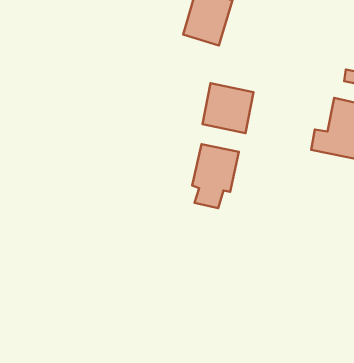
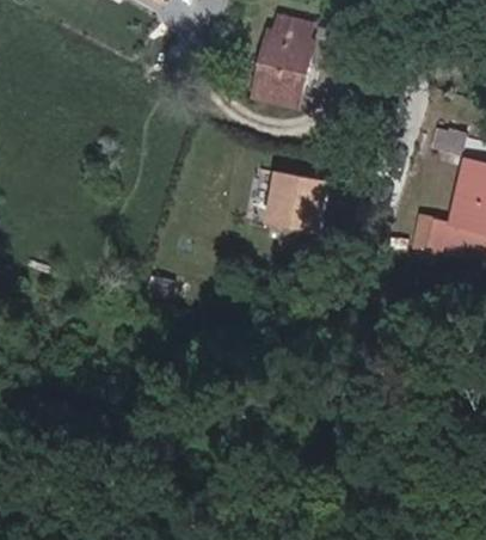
building: [192,144,239,208] -> none

